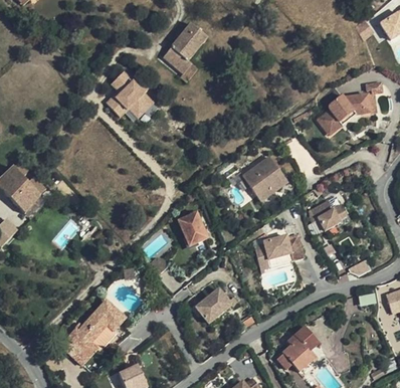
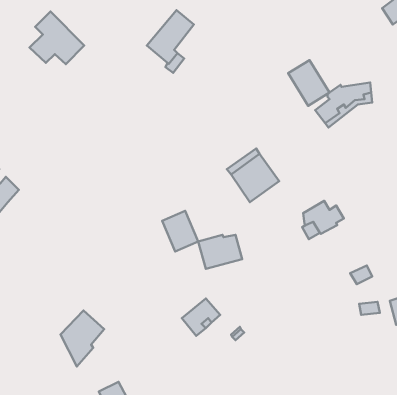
building: [107,68,157,117] -> [30,11,84,64]
building: none -> [288,60,329,106]
building: [262,234,303,265] -> [198,235,242,269]
building: [60,322,99,364] -> none
building: [276,326,320,371] -> none

